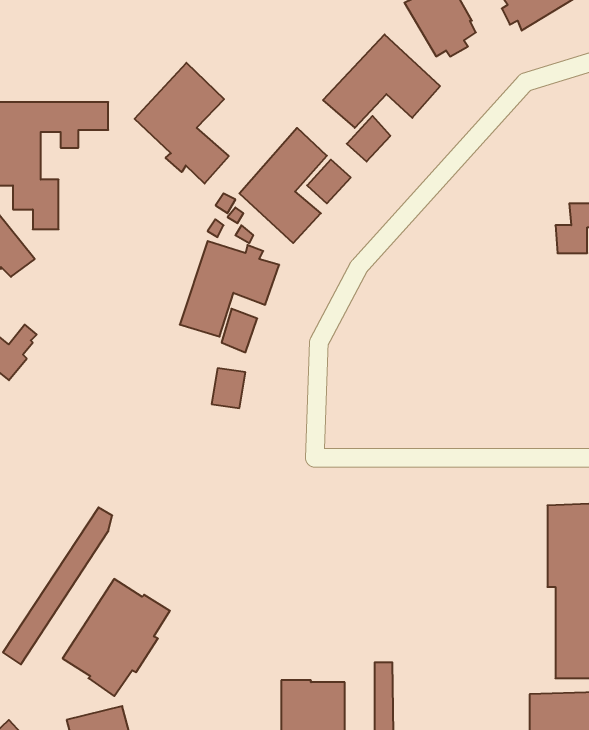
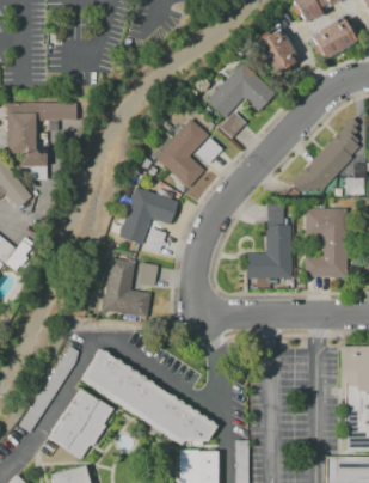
building: [135,63,229,184] -> none
building: none -> [291,117,359,192]
building: none -> [305,208,346,277]
building: none -> [247,225,291,277]
building: none -> [94,258,152,318]
building: none -> [81,349,217,445]

